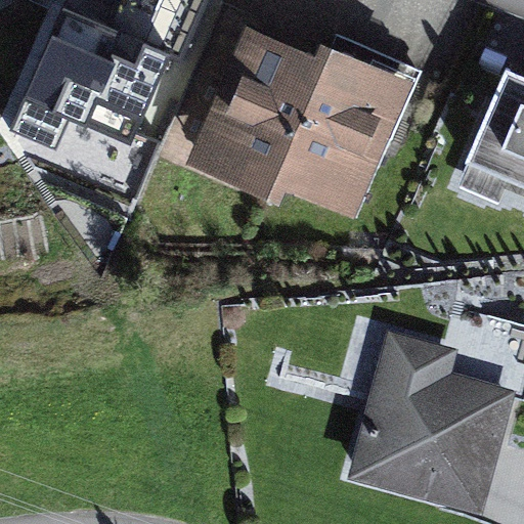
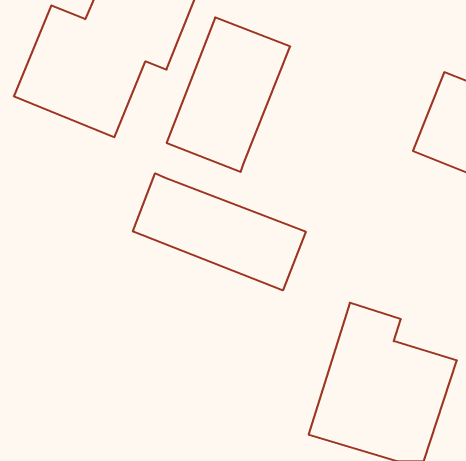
building: [274,43,412,216] -> none
building: none -> [133,173,306,290]

